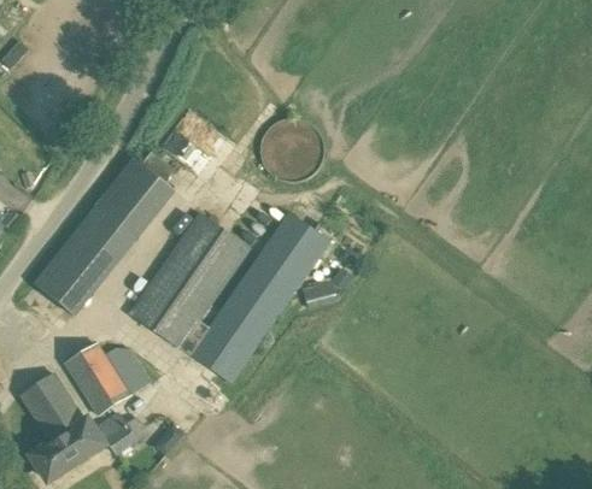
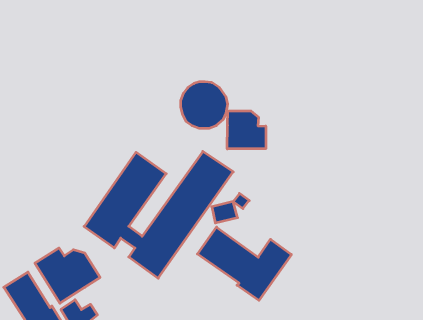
building: none -> [227,111,266,149]
building: [34,159,174,314] -> none
building: none -> [197,227,291,300]

